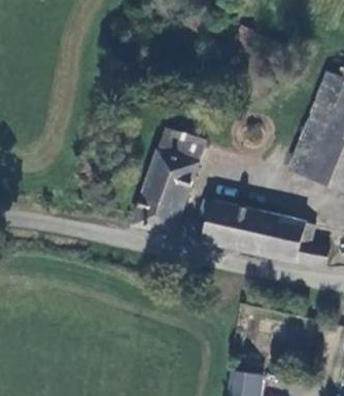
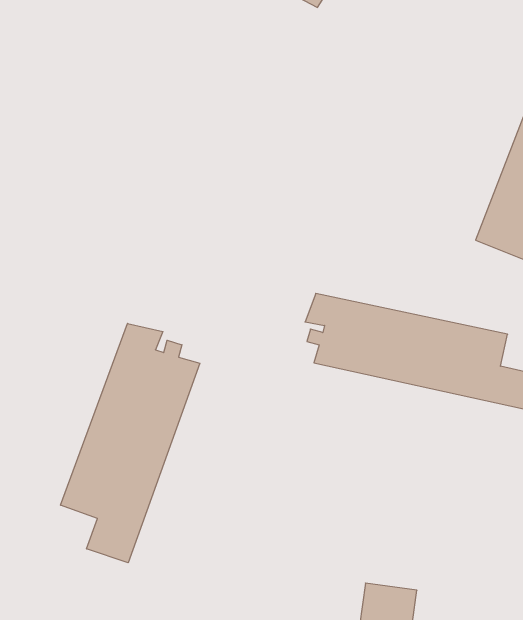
building: [131,127,203,231] -> none
building: none -> [61,323,200,563]

